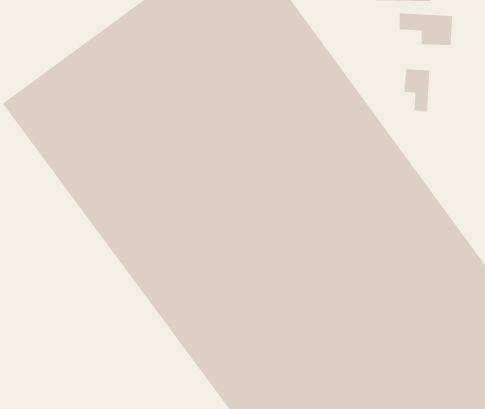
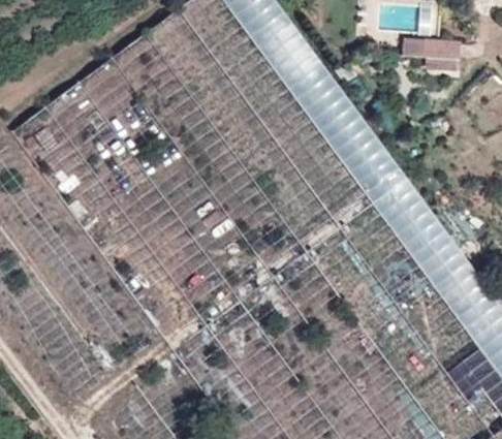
building: [404,69,430,112] -> none

